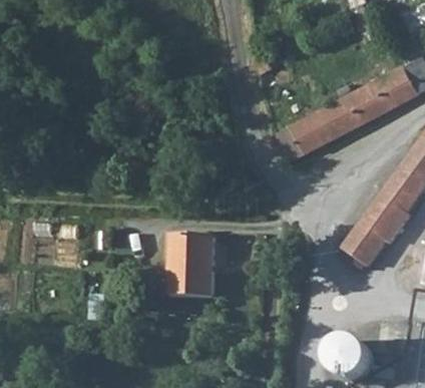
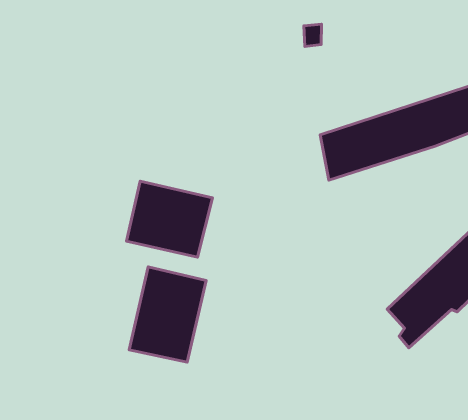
building: none -> [127,181,212,257]

